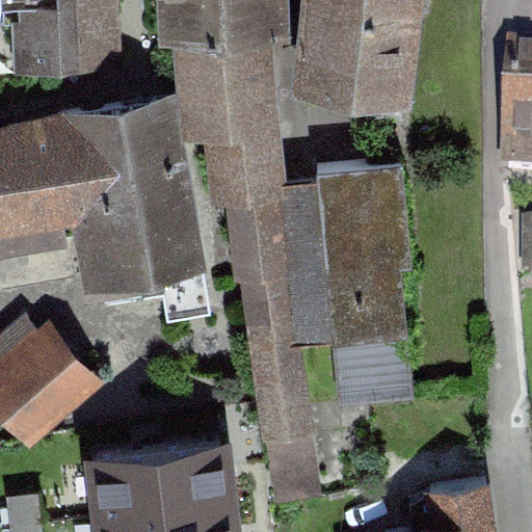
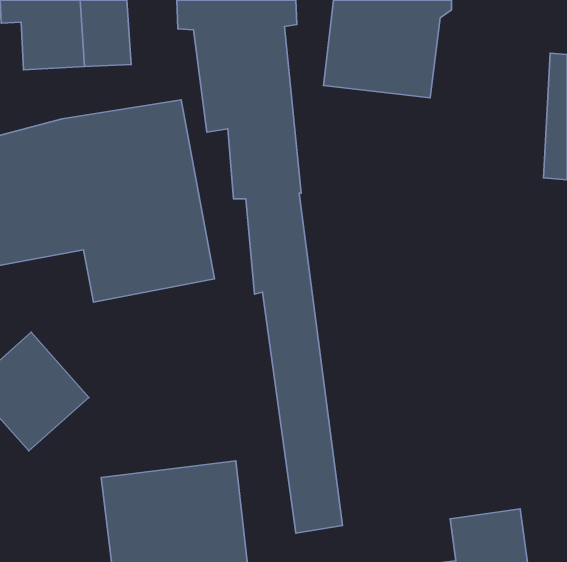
building: [318,161,414,406] -> none

